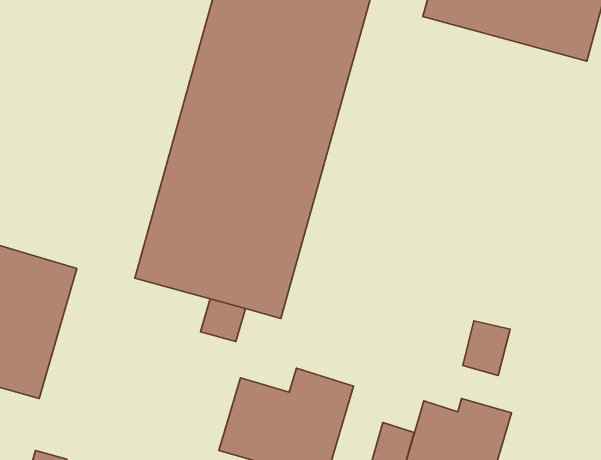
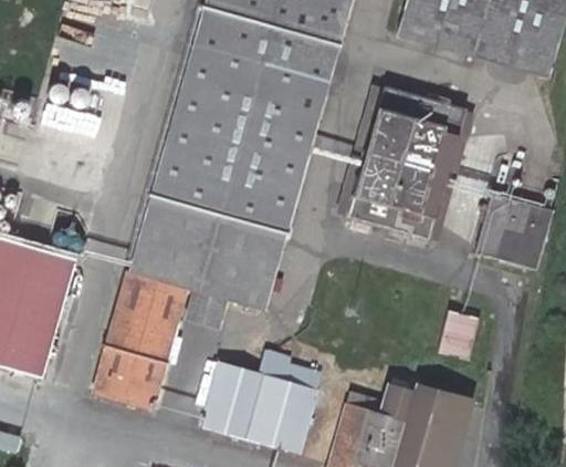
building: none -> [339,84,455,239]
building: none -> [465,193,546,270]
building: none -> [96,278,188,411]

